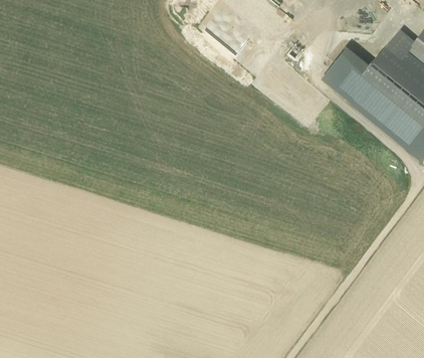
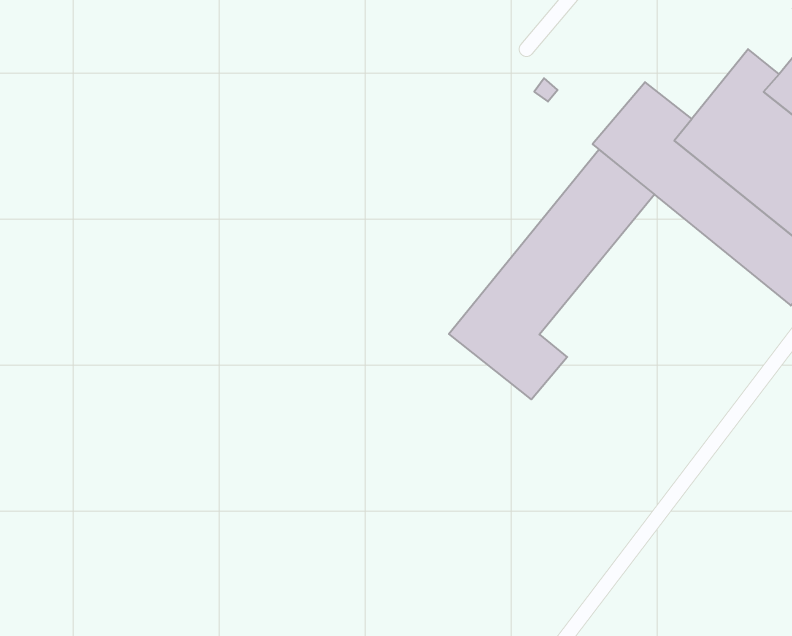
building: none -> [449,150,654,399]

